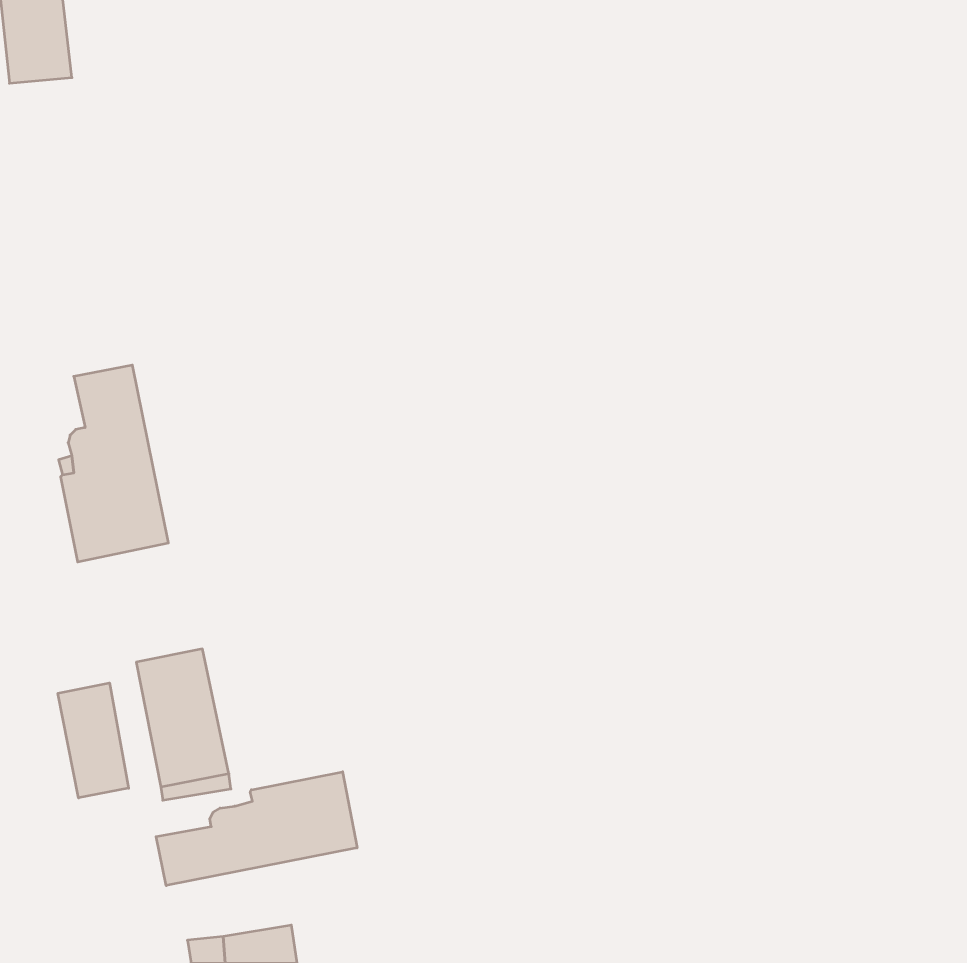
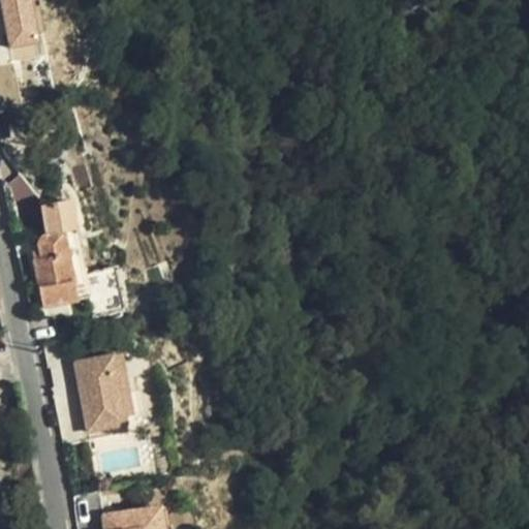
building: [58,683,129,798] -> none
building: [156,772,357,886] -> none

